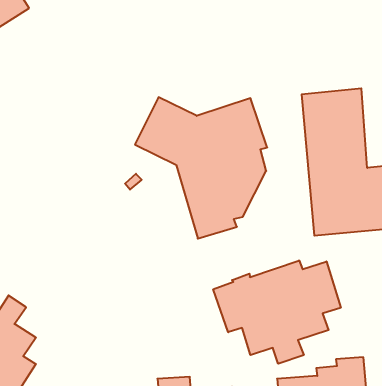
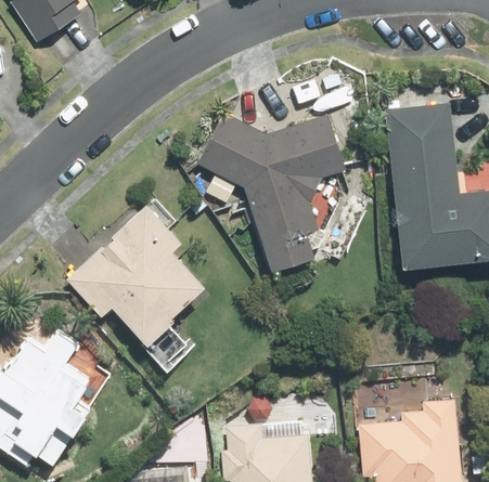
building: none -> [67,207,202,366]
building: [213,260,341,364] -> none

